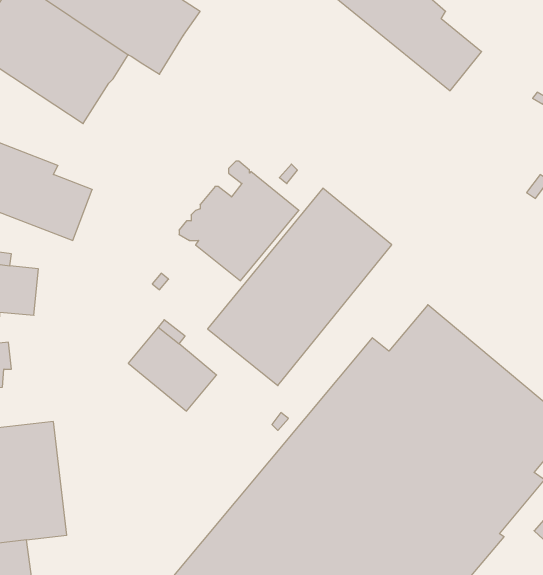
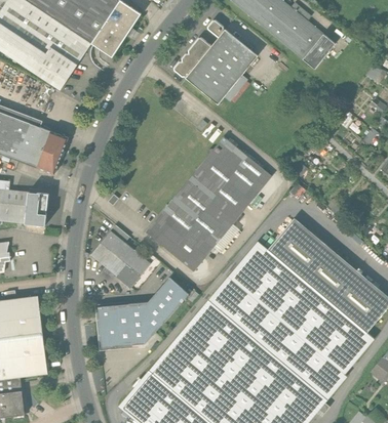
building: [179,161,299,281] -> [172,22,255,103]
building: none -> [25,192,49,225]
building: none -> [96,277,188,346]

